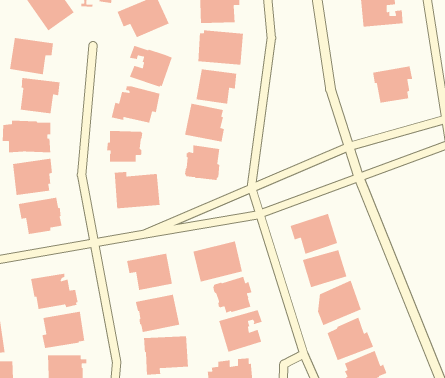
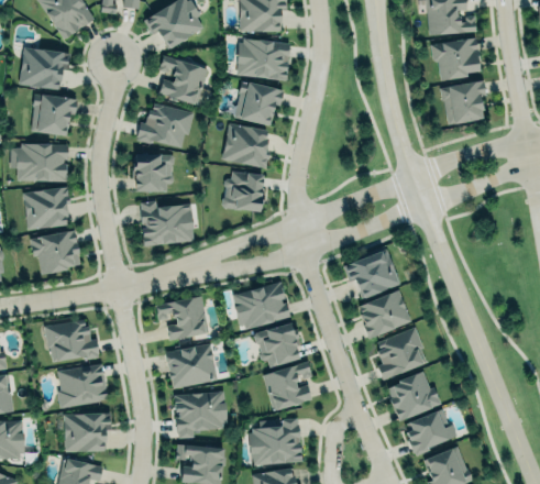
building: none -> [431,37,480,80]

